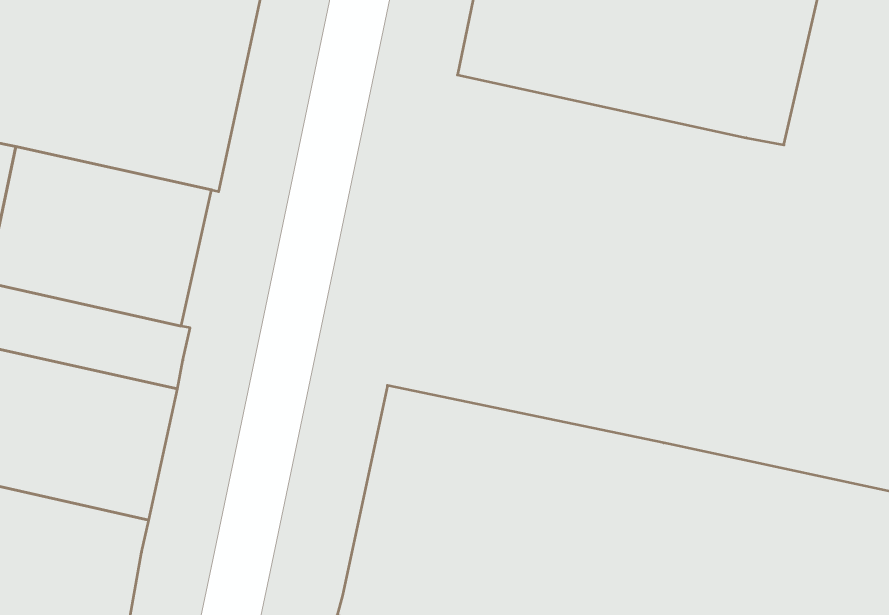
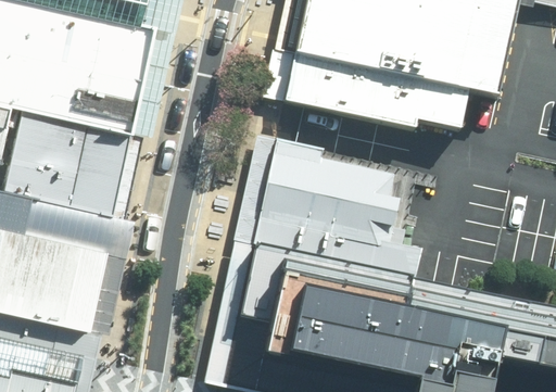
building: none -> [273,54,458,131]
building: none -> [241,131,416,277]

